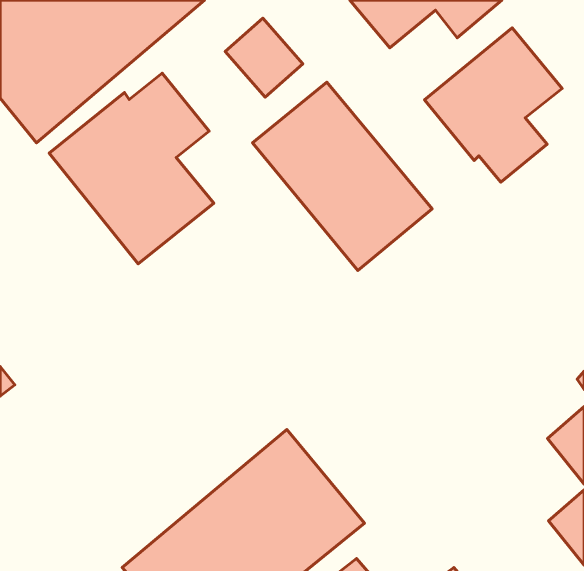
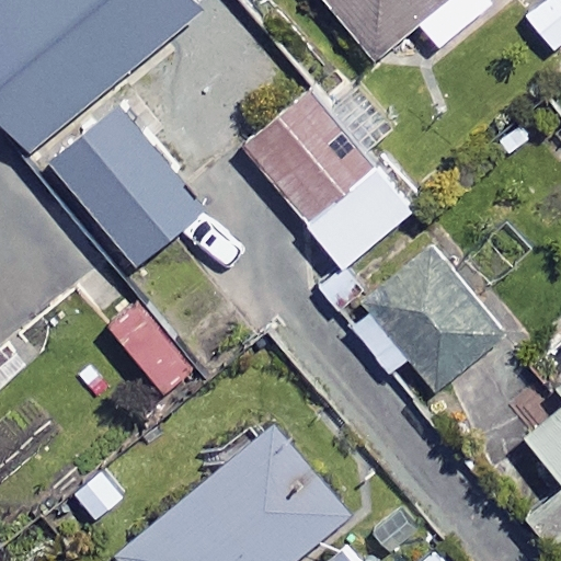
building: [424,28,562,182] -> none
building: none -> [358,243,506,389]

